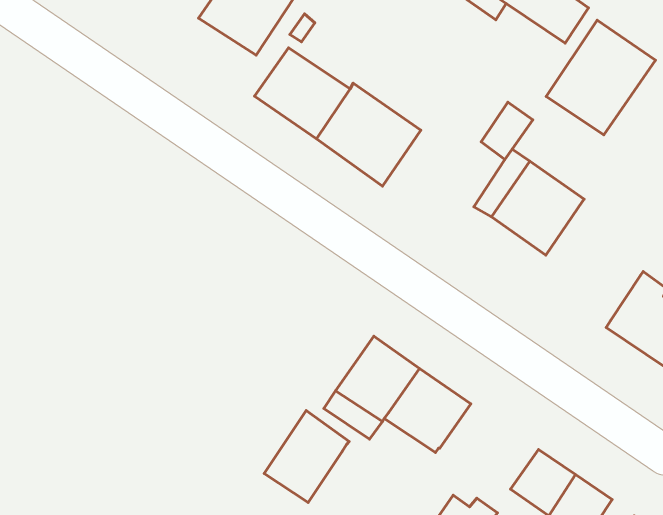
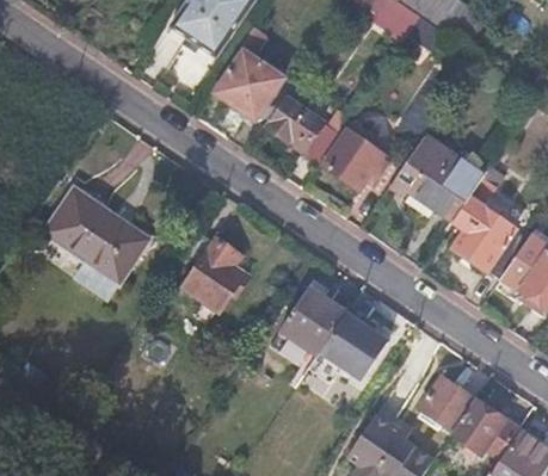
building: [546,20,656,135] -> none
building: none -> [322,123,386,190]
building: none -> [450,177,527,273]
building: none -> [47,188,159,283]
building: none -> [172,233,244,310]
building: [264,411,349,502] -> none

